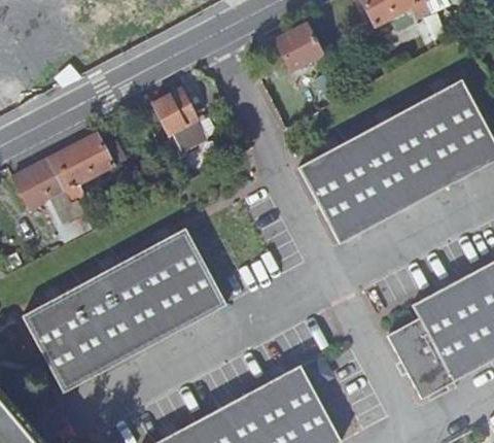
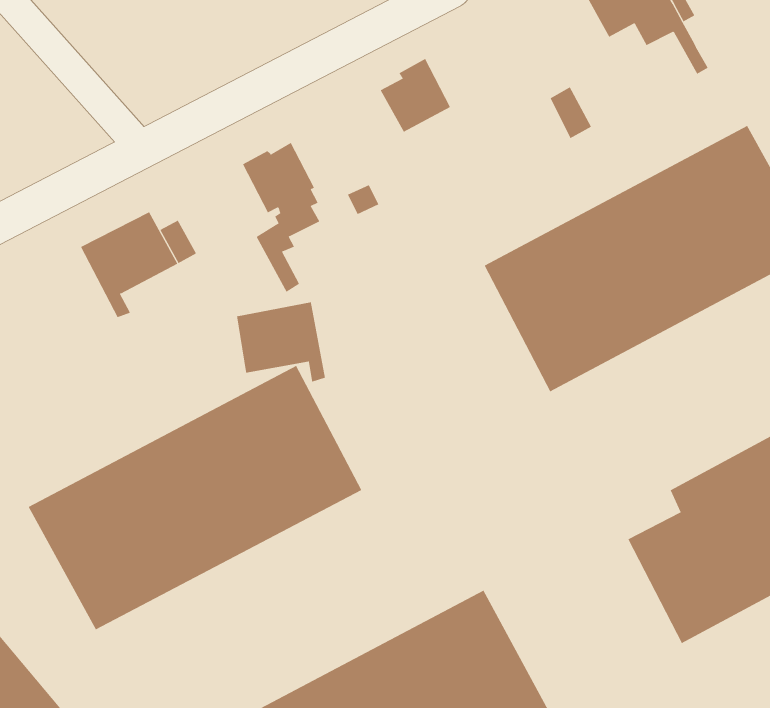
building: [277,26,320,71] -> [380,58,451,132]
building: [13,157,91,241] -> none
building: none -> [236,301,325,382]

